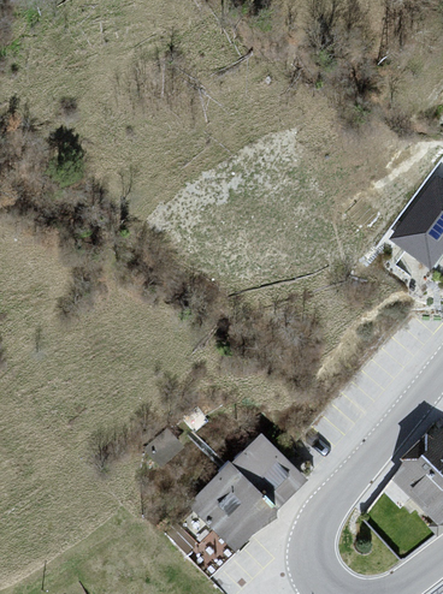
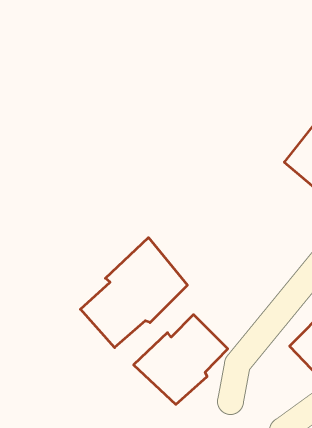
building: none -> [80,238,187,348]

